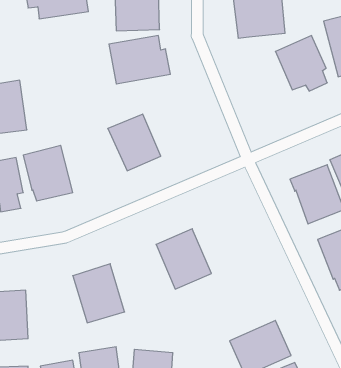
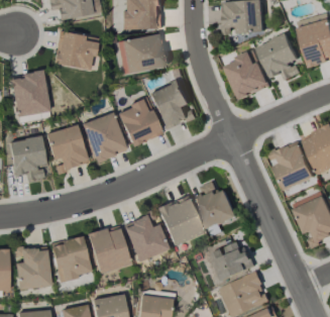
building: none -> [53,31,97,70]
building: none -> [225,54,270,99]
building: none -> [150,80,196,130]
building: none -> [83,113,126,162]
building: none -> [194,181,238,230]
building: none -> [123,214,170,261]
building: none -> [50,236,91,283]
building: none -> [210,241,255,282]

